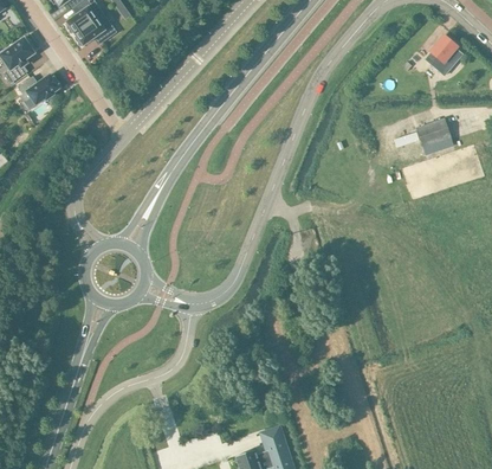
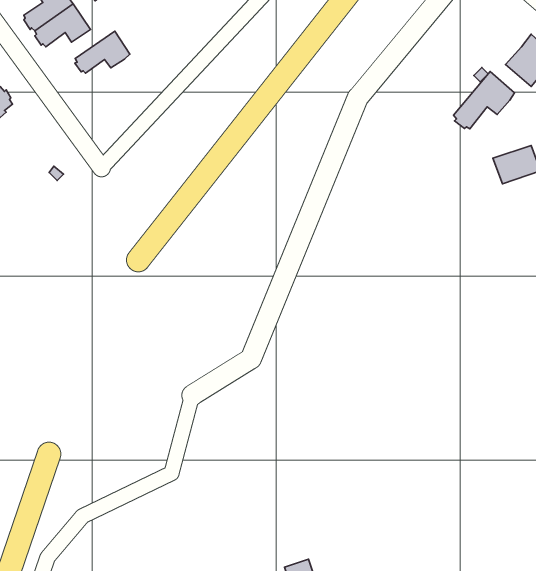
building: none -> [75,31,130,73]
building: none -> [453,72,515,129]

